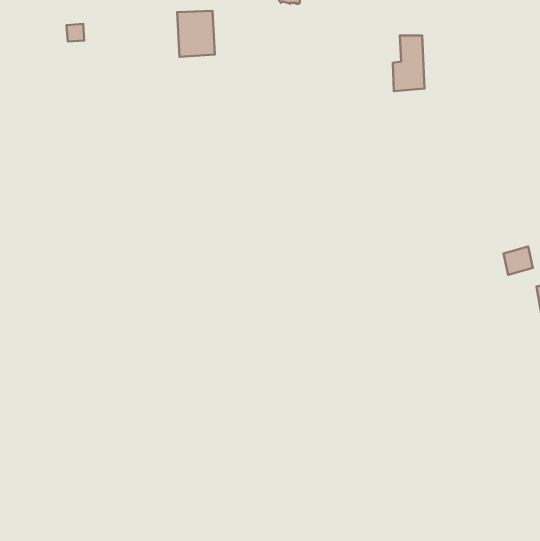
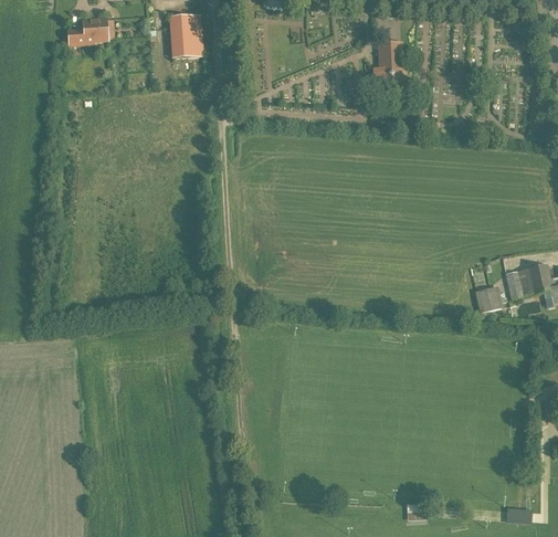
building: none -> [81,17,106,42]
building: [504,247,533,275] -> [475,284,503,310]

